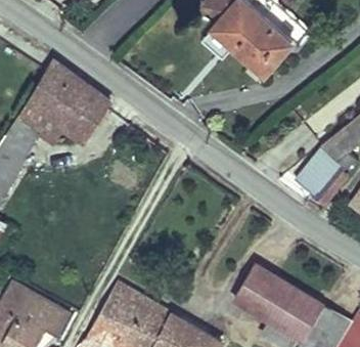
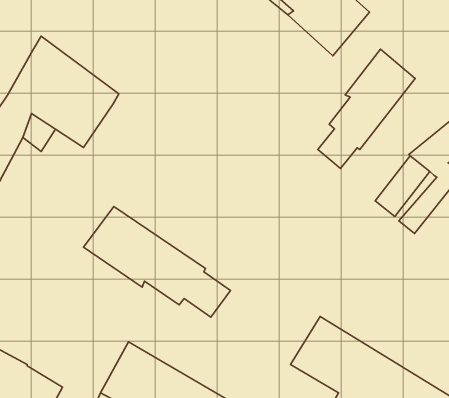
building: none -> [318,49,415,168]
building: none -> [83,206,230,317]

